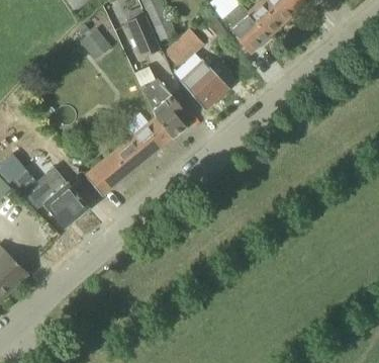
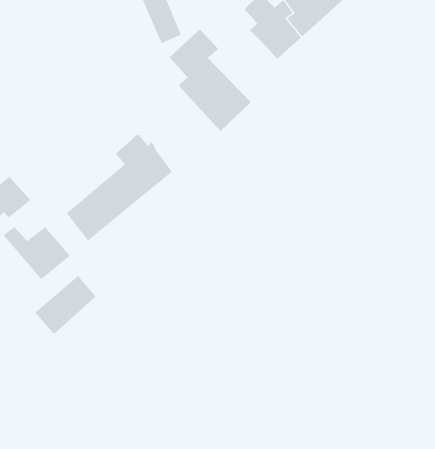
building: [127,14,160,57] -> none
building: [81,27,112,60] -> none
building: [134,66,187,142] -> none
building: none -> [34,275,96,335]

